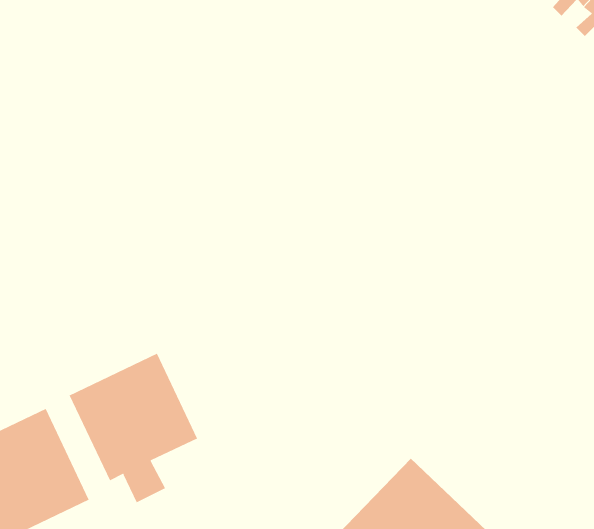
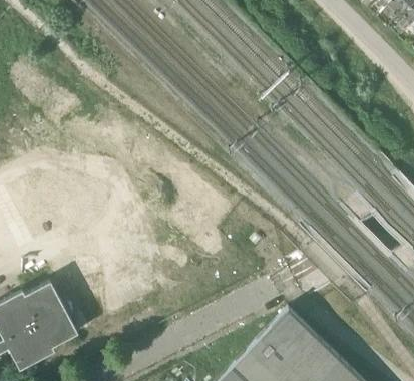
building: [69,353,198,503] -> none

